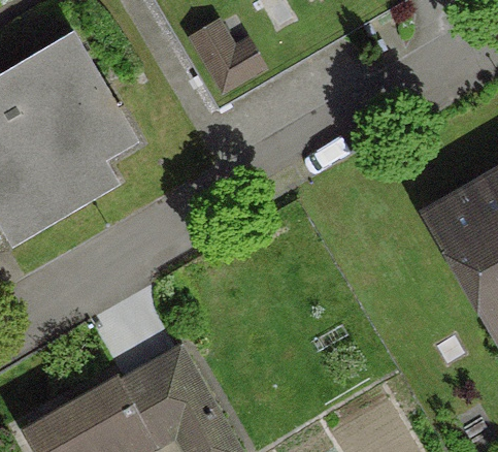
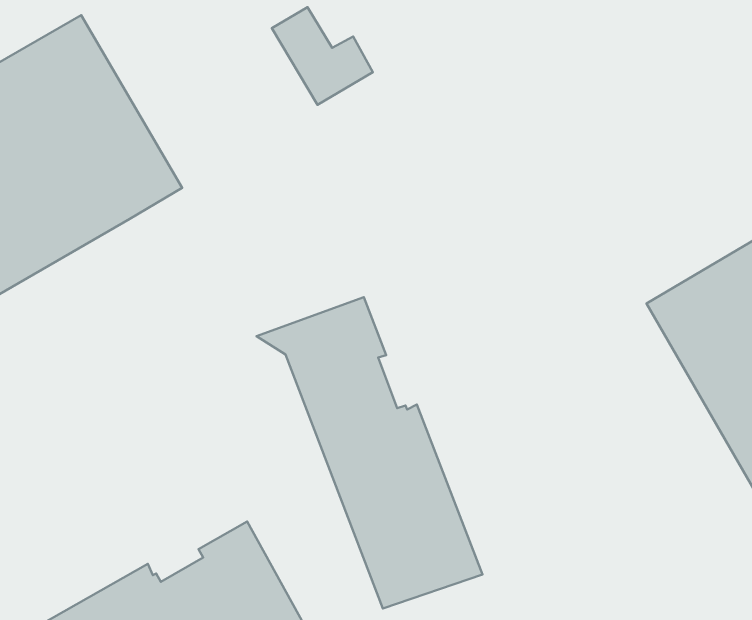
building: none -> [256,297,482,608]

